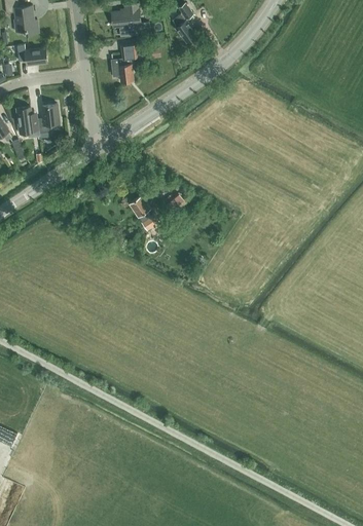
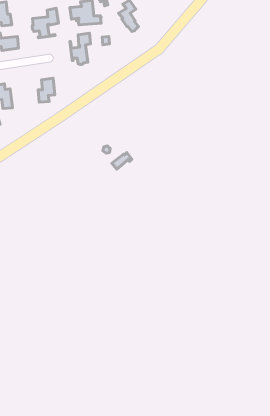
building: none -> [32,8,58,38]
building: [37,104,58,134] -> [38,78,55,102]
building: [129,195,158,230] -> none

